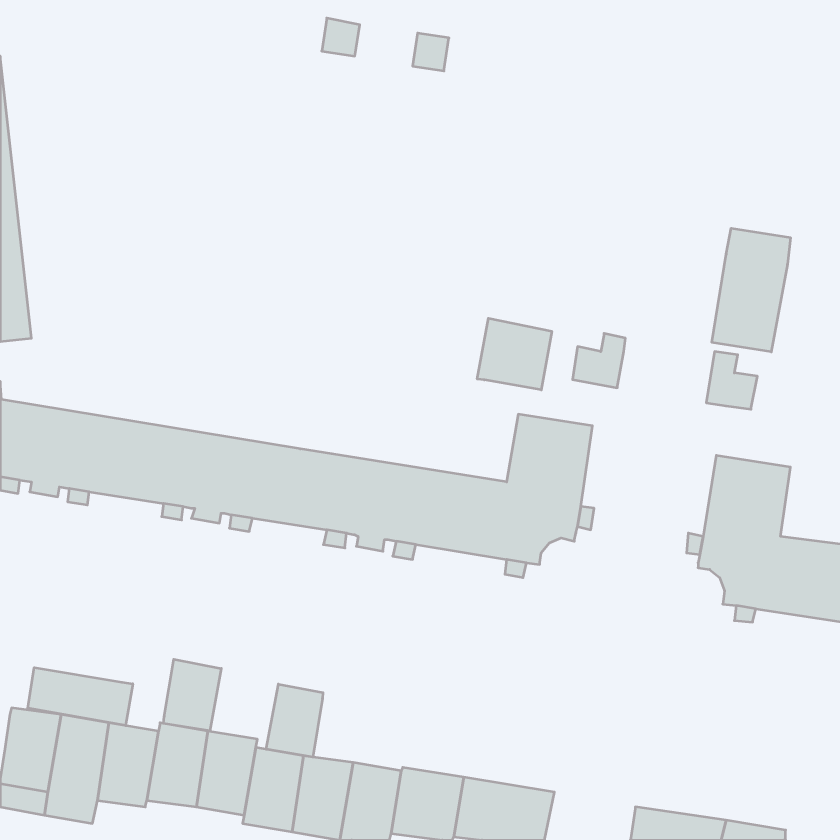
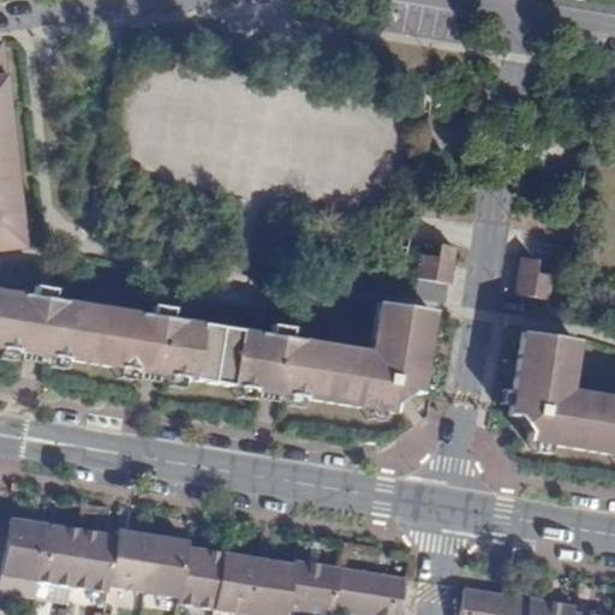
building: [712,228,790,352] -> none
building: [477,318,552,390] -> none
building: [163,659,221,731] -> none
building: [28,668,133,726] -> none
building: [266,684,323,757] -> none

